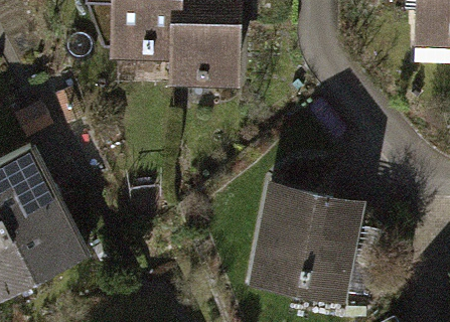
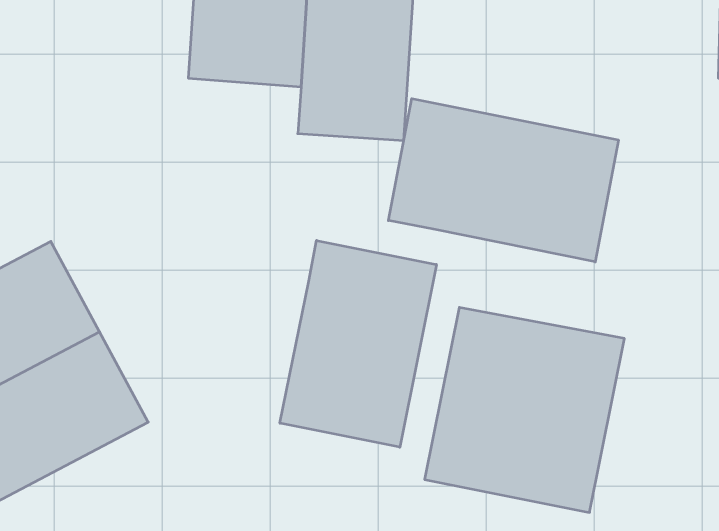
building: none -> [388,99,618,262]
building: none -> [280,240,436,447]

